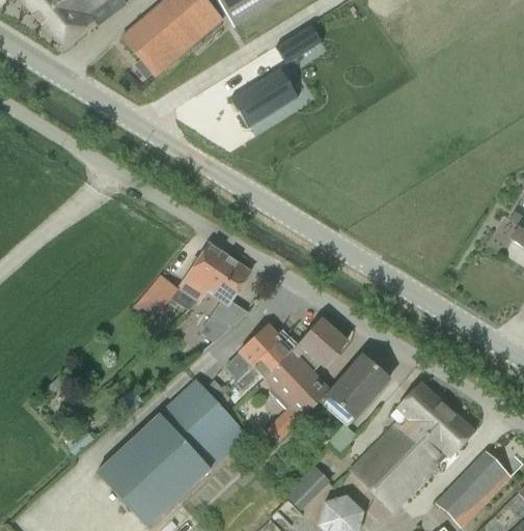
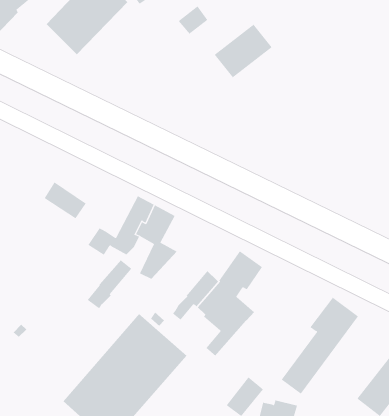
building: [230,66,299,127] -> [214,24,273,78]
building: none -> [44,182,87,219]
building: [224,324,280,379] -> [87,259,132,309]
building: [320,354,388,424] -> none
building: [374,408,473,510] -> none

